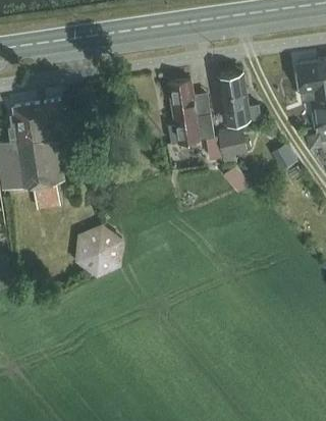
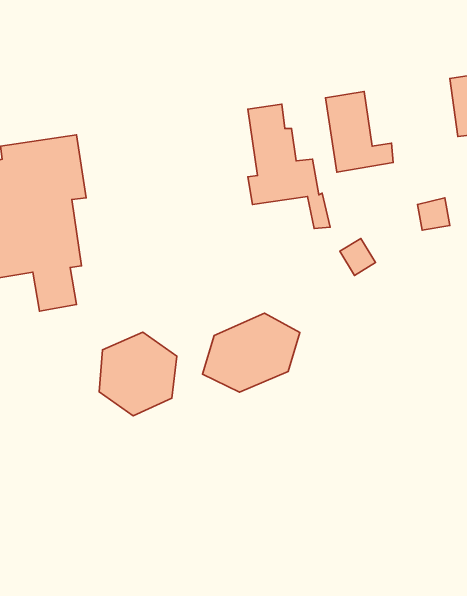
building: [218,130,247,156] -> none
building: none -> [203,313,300,392]

